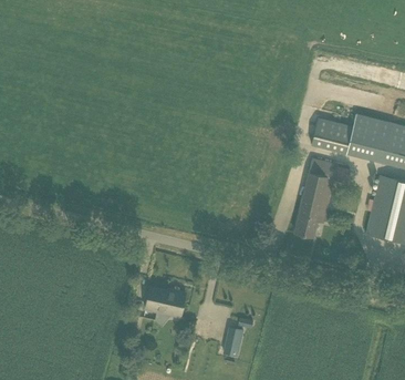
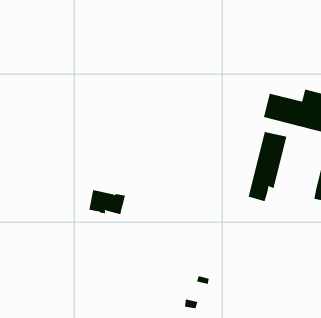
building: [144,287,185,315] -> [88,190,126,215]

